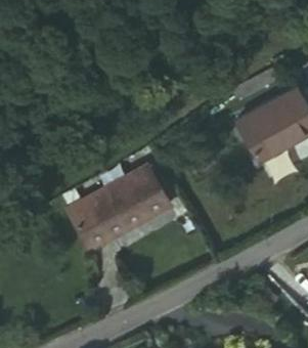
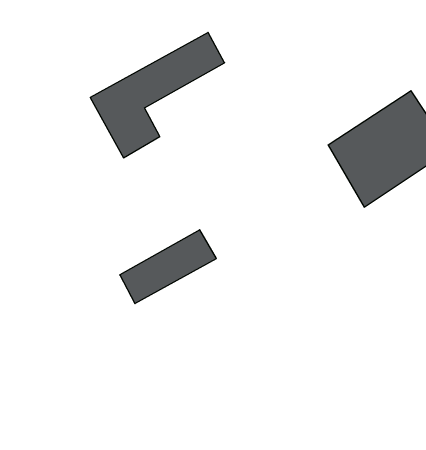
building: [63,165,155,250] -> [90,32,225,158]

